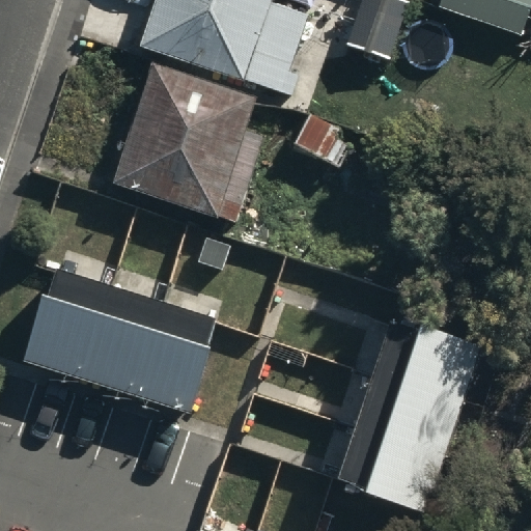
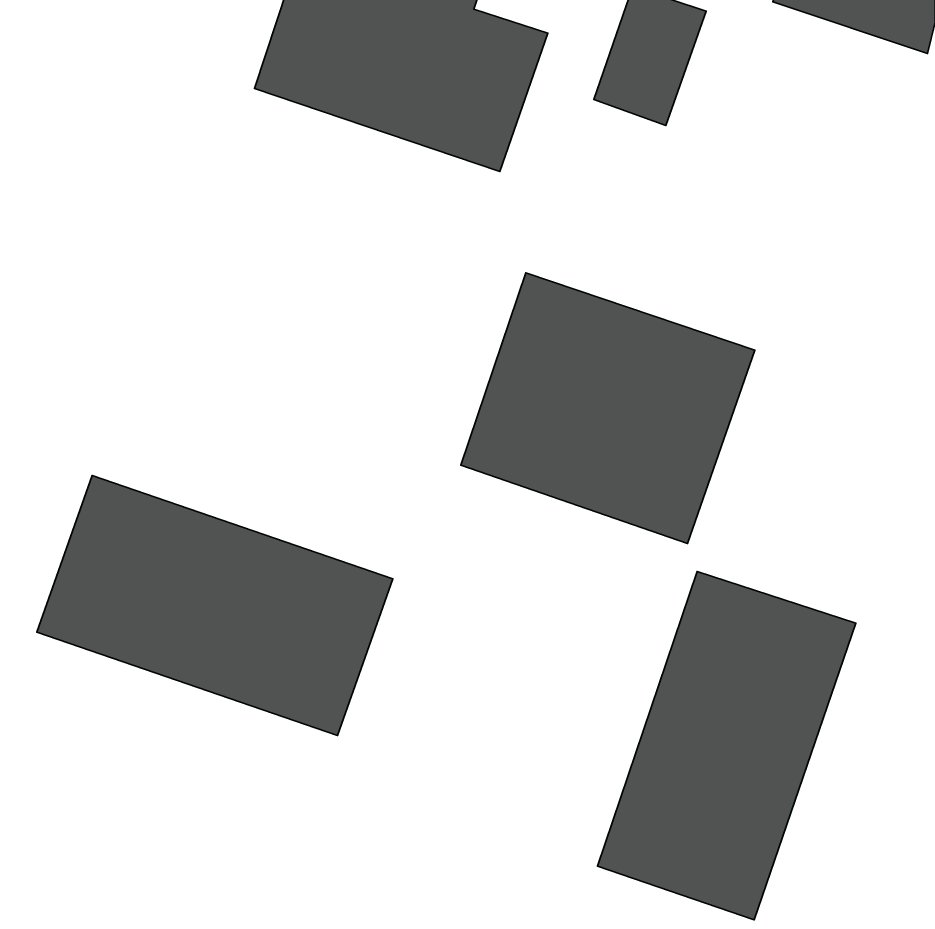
building: [112,67,276,224] -> none
building: none -> [461,273,755,543]

